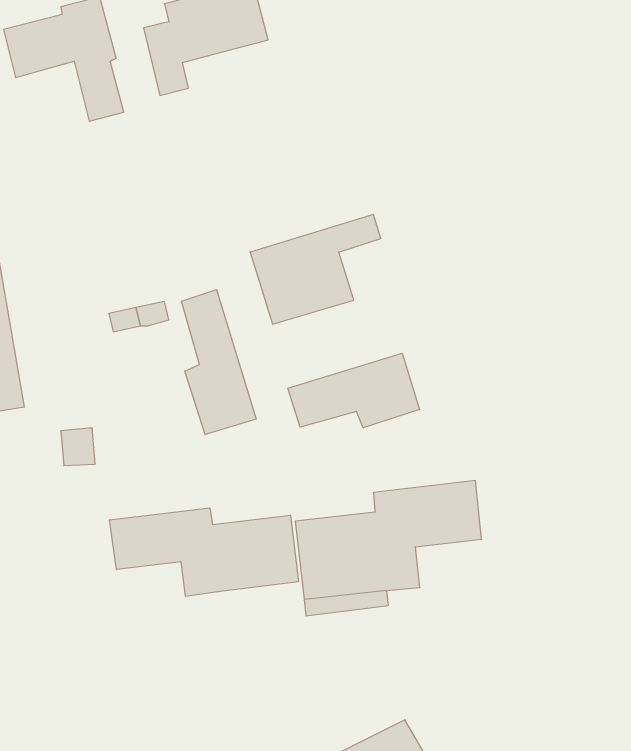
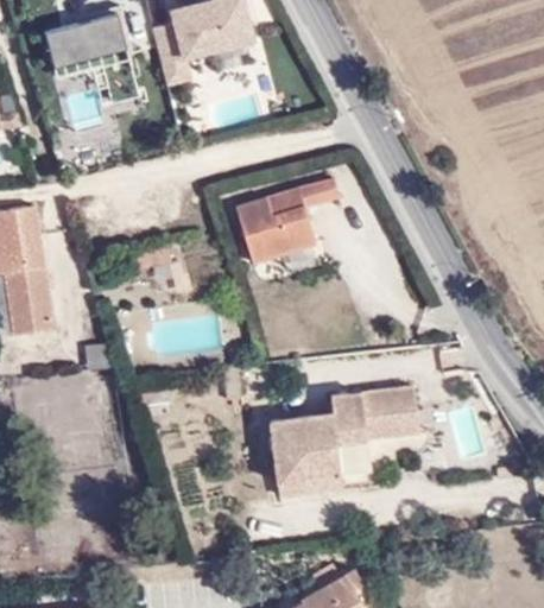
building: [182,290,256,435] -> none
building: [288,353,420,428] -> none
building: [110,508,298,596] -> none

